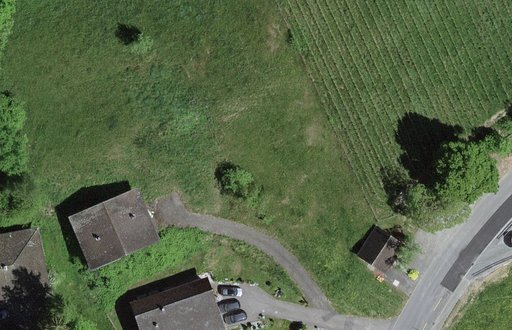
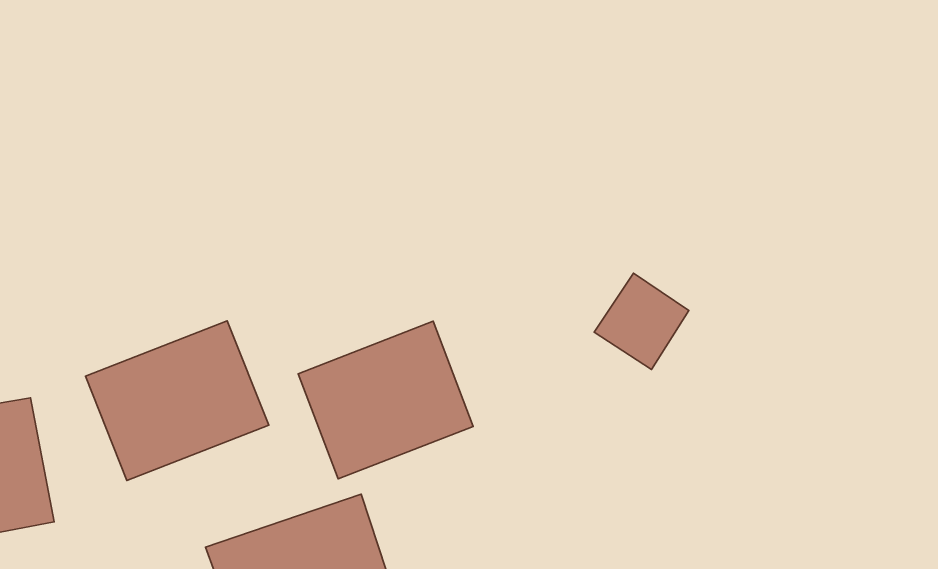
building: none -> [298,321,473,479]
building: [356,227,404,276] -> [594,273,689,369]

